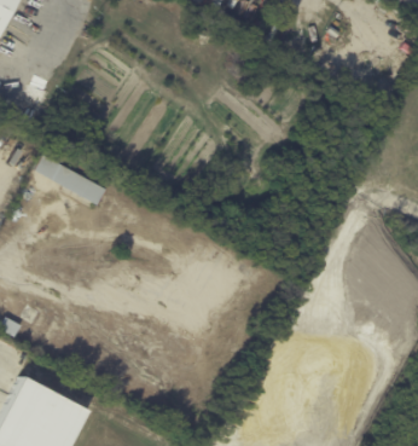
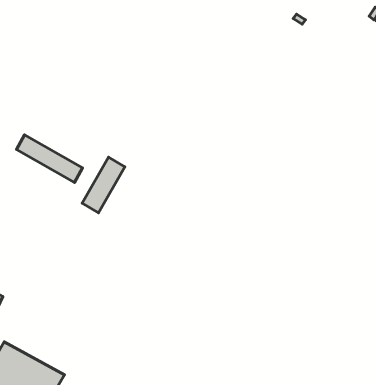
building: none -> [82,157,125,213]

